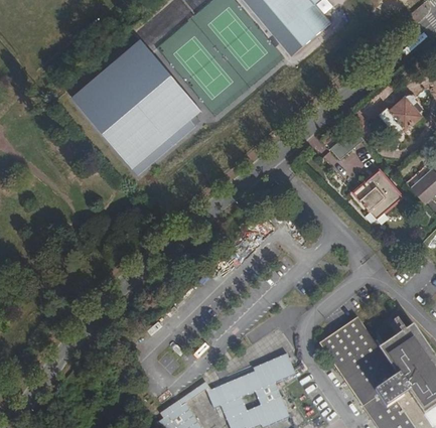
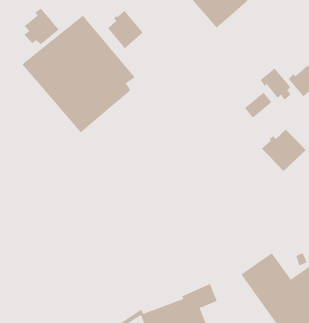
building: none -> [24,8,59,45]
building: none -> [107,10,143,49]
building: none -> [260,68,291,100]

